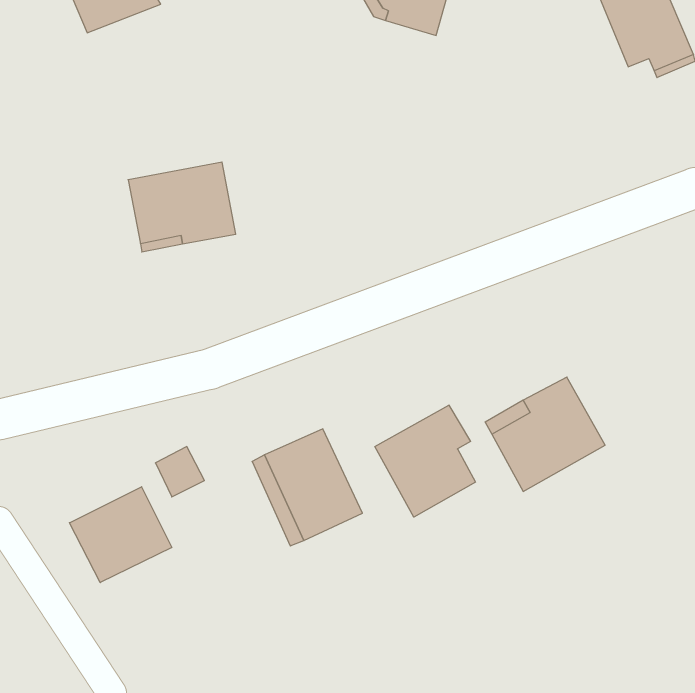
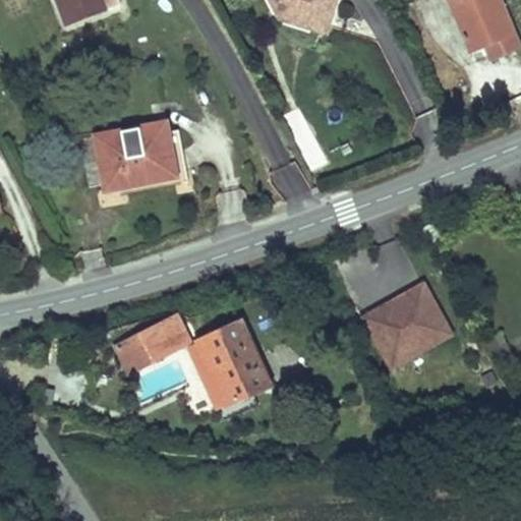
building: [375,405,475,517] -> none
building: none -> [139,314,189,359]
building: [69,487,172,583] -> none

